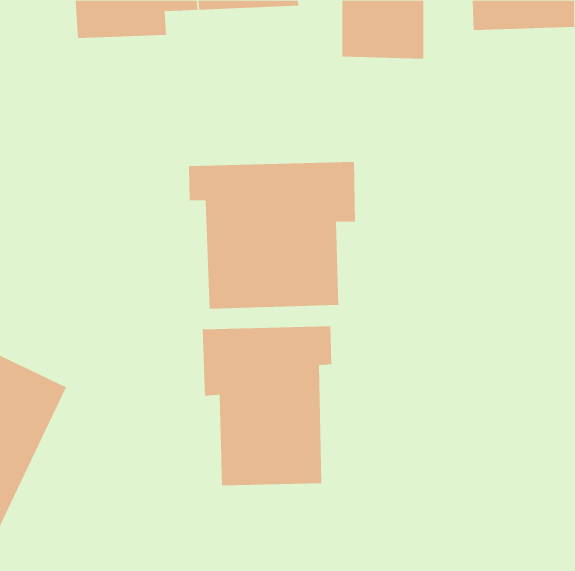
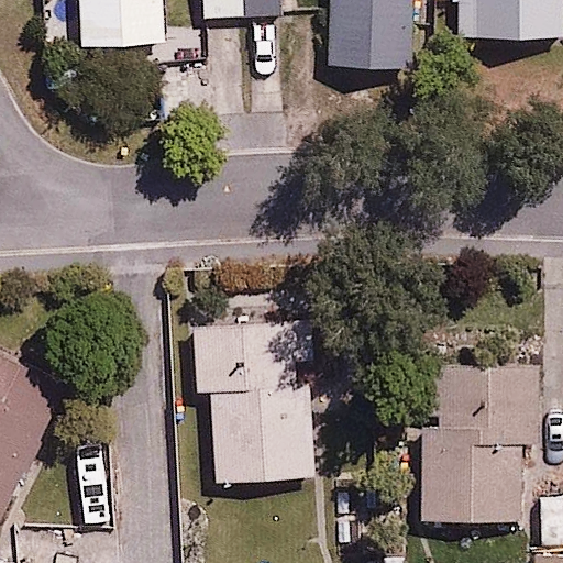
building: [188,161,355,309] -> none
building: none -> [418,361,537,517]

